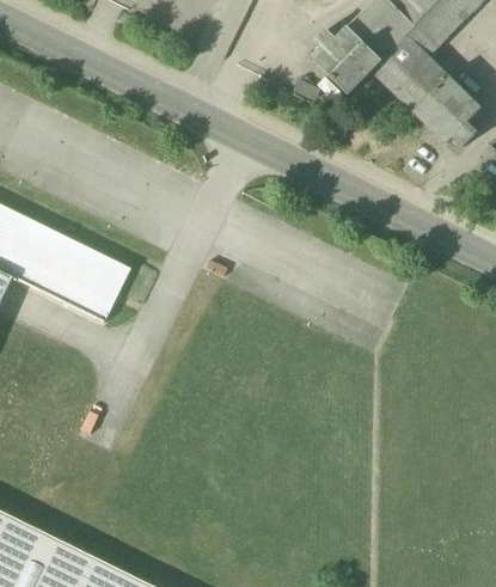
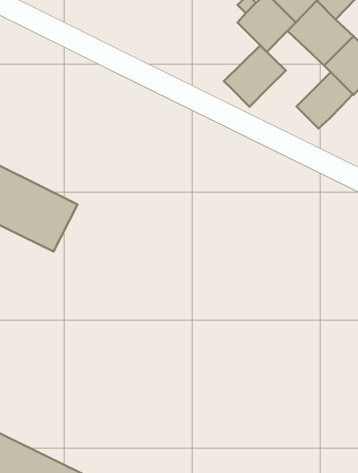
building: none -> [224,46,286,107]
building: none -> [297,72,353,129]

